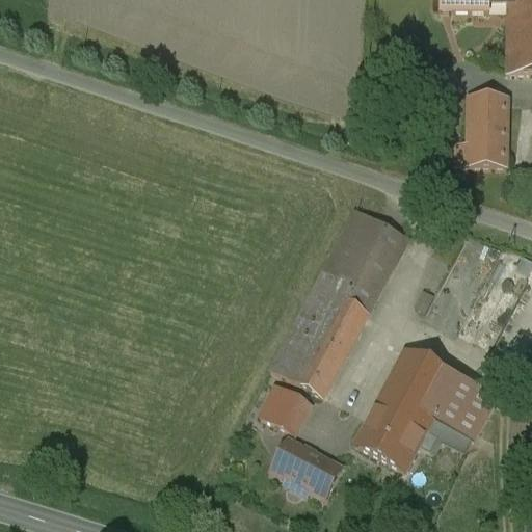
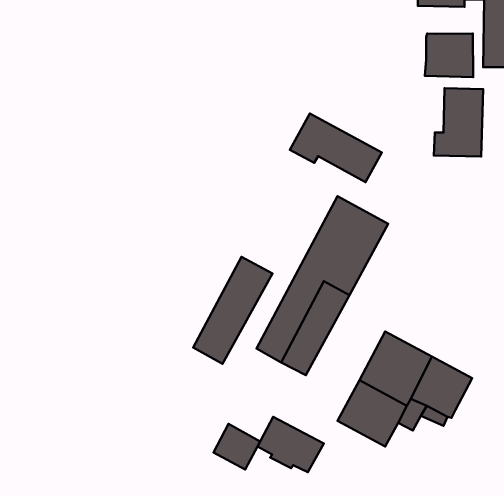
building: none -> [425,33,473,77]
building: none -> [290,114,382,182]
building: none -> [193,257,273,364]
building: [262,383,311,431] -> [214,424,260,469]

